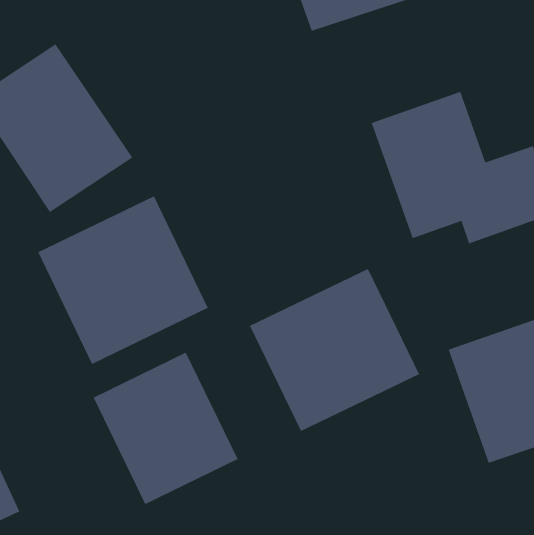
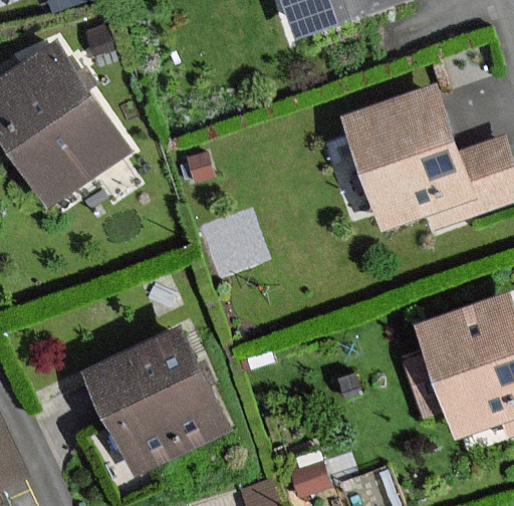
building: [37,195,208,365] -> none
building: [249,268,420,432] -> none

